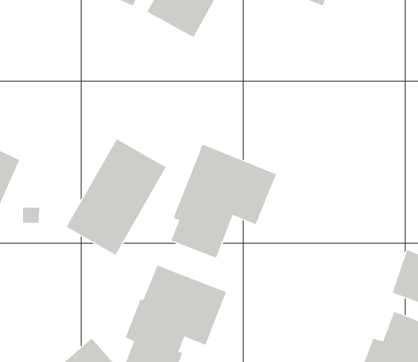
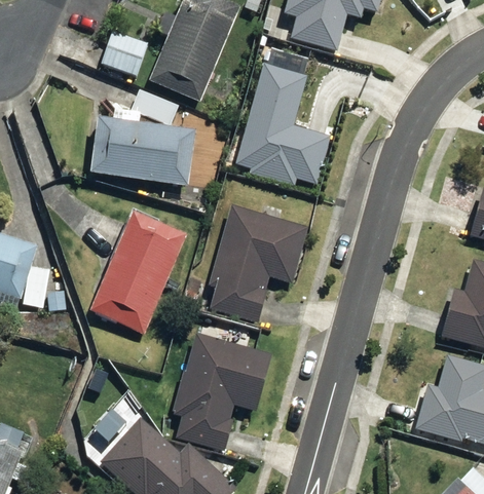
building: none -> [233,65,330,187]
building: none -> [98,114,202,181]

